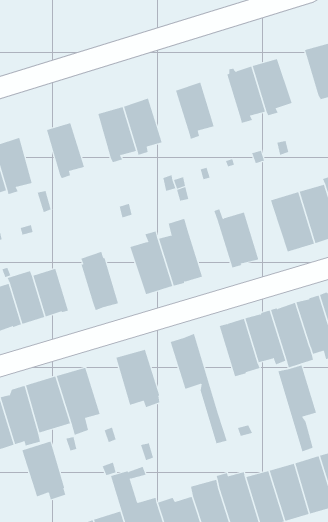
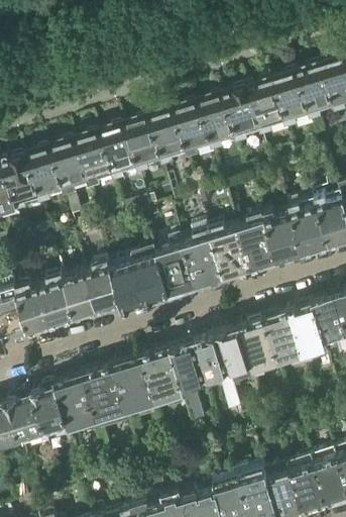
building: none -> [296,64,334,118]
building: none -> [223,87,260,140]
building: none -> [174,102,212,156]
building: none -> [100,124,137,179]
building: none -> [51,139,89,194]
building: none -> [263,210,305,264]
building: none -> [211,225,252,279]
building: none -> [129,246,170,304]
building: none -> [86,258,120,311]
building: none -> [170,340,208,422]
building: [277,364,317,452] -> [217,325,254,409]
building: [21,441,66,500] -> [114,355,156,412]

